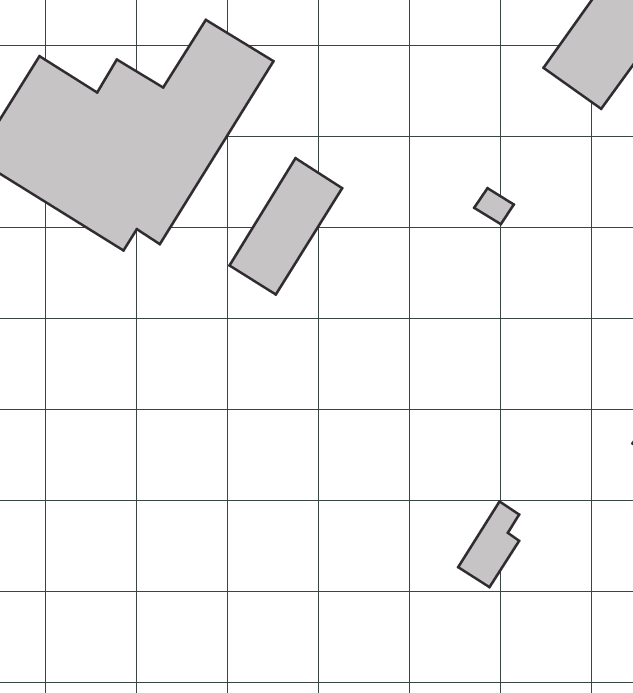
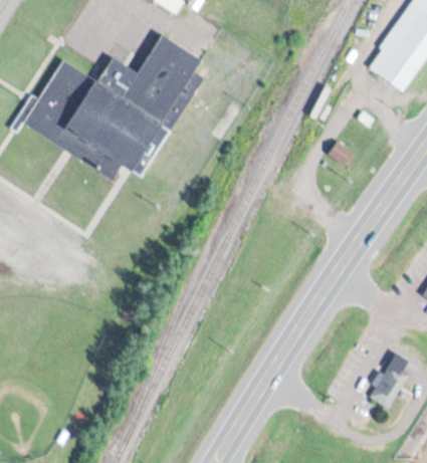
building: [229,158,342,294] -> none
building: [458,501,519,587] -> [368,353,405,405]

